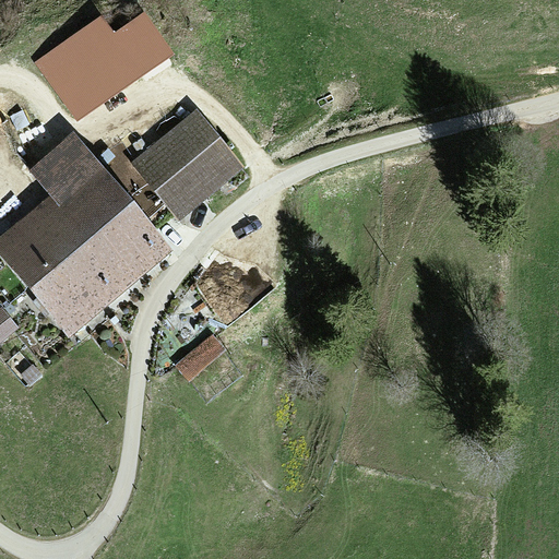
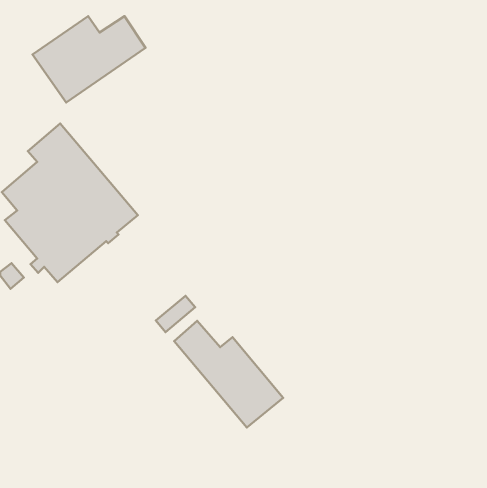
building: [135,112,251,217] -> none
building: none -> [174,321,283,428]

